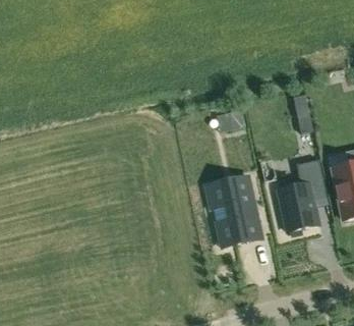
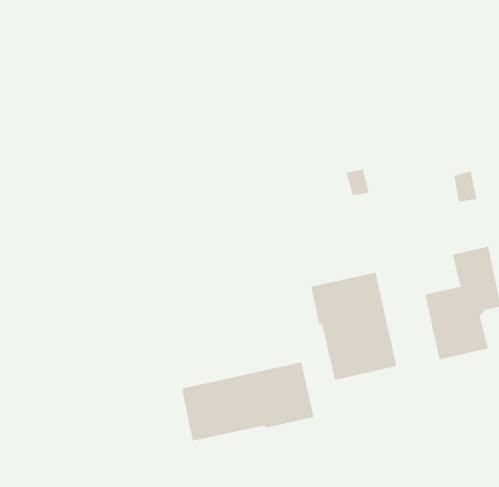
building: none -> [181,361,314,442]

